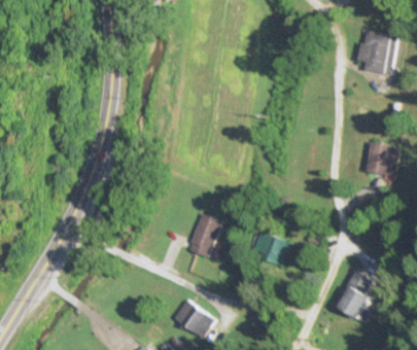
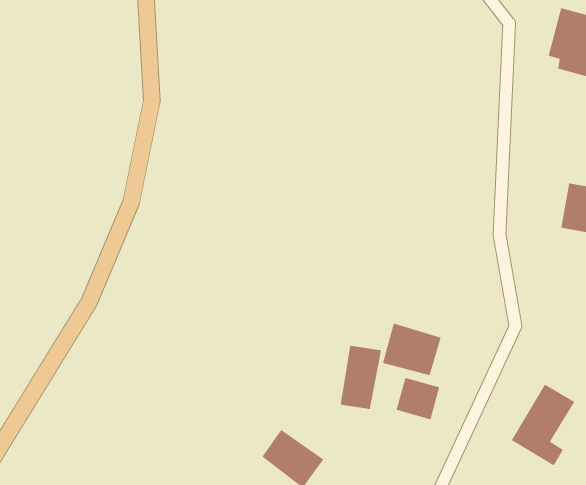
building: [192,215,218,256] -> [340,345,382,410]
building: none -> [396,377,440,420]

